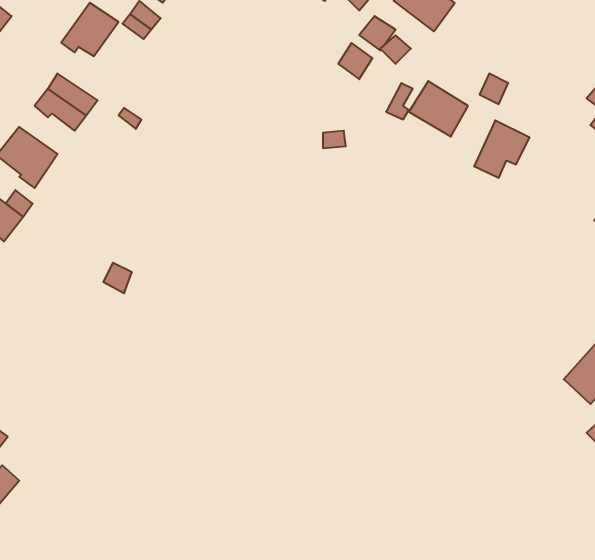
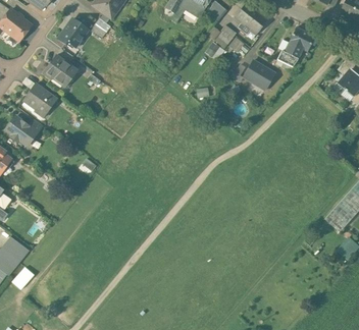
building: [474,120,530,178] -> [285,28,314,58]

